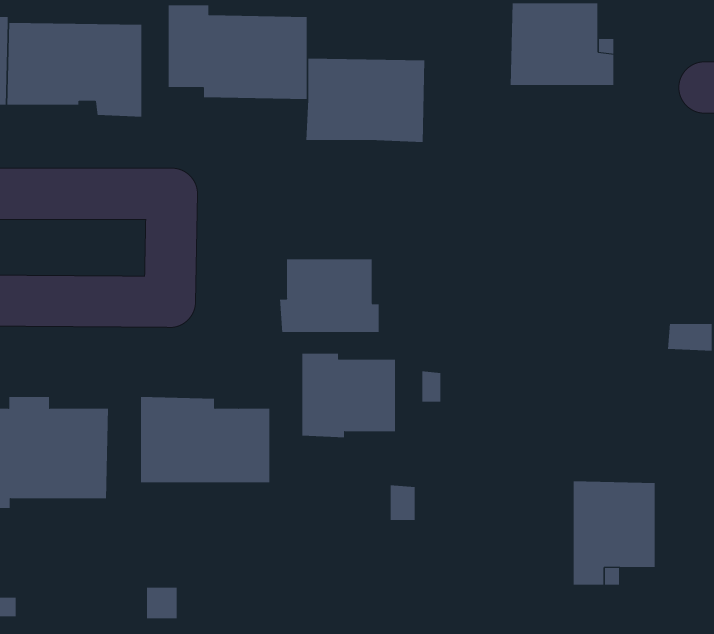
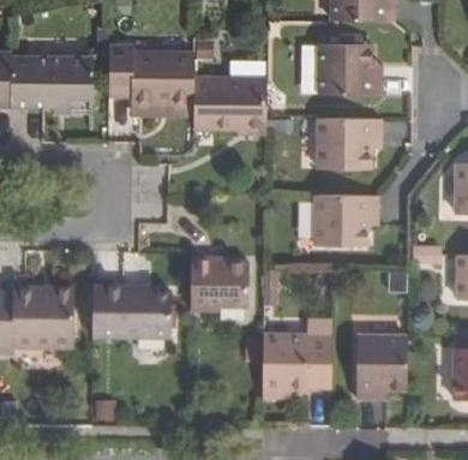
building: none -> [317,118,380,169]
building: none -> [313,195,378,246]
building: [280,258,379,333] -> none
building: none -> [262,335,331,399]

